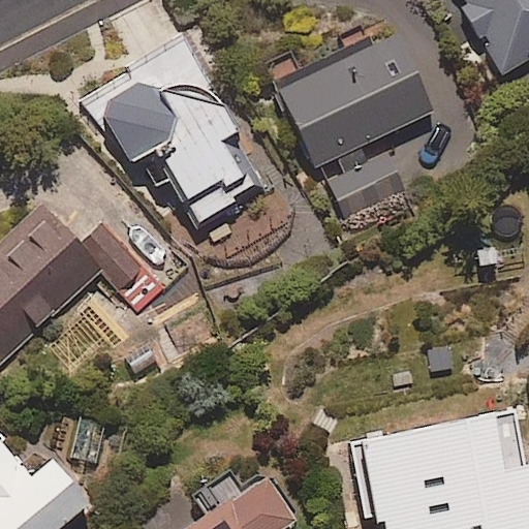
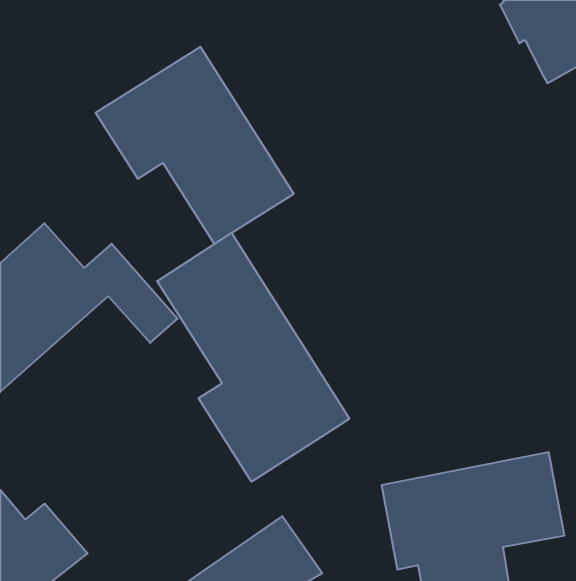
building: [269,30,434,225] -> none
building: none -> [157,233,349,482]

